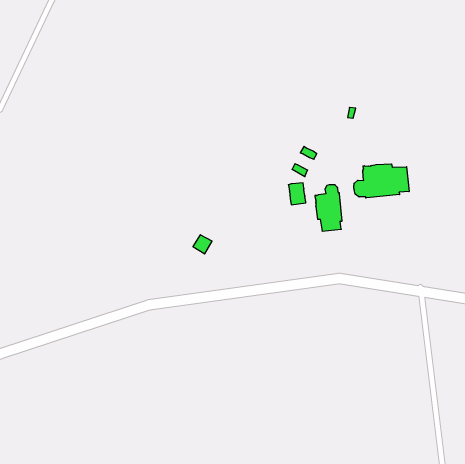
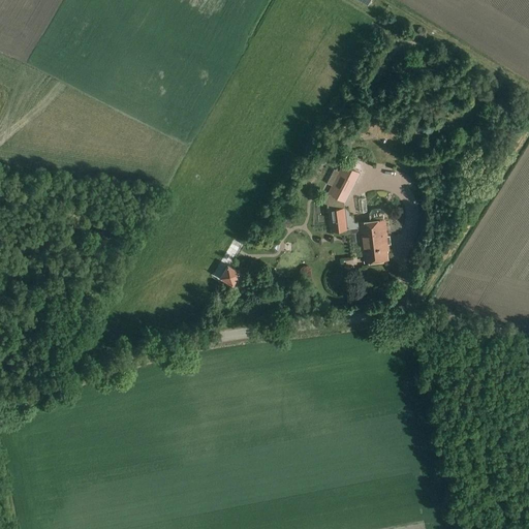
building: [354,164,409,198] -> none

